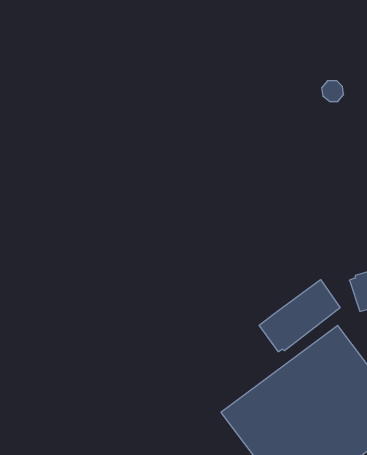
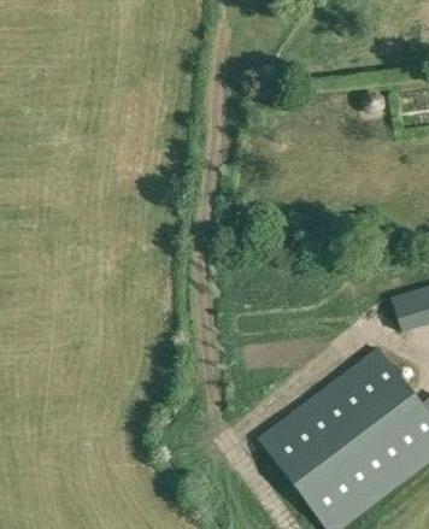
building: [259,280,340,352] -> none

